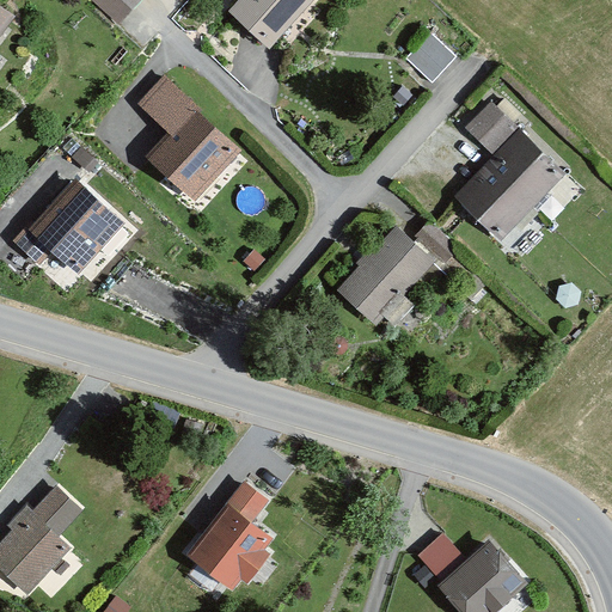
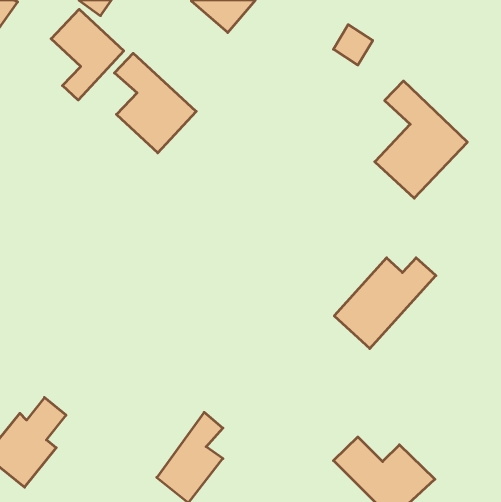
building: none -> [51,9,124,100]
building: [5,178,122,275] -> none
building: [331,220,454,330] -> [334,258,436,349]

